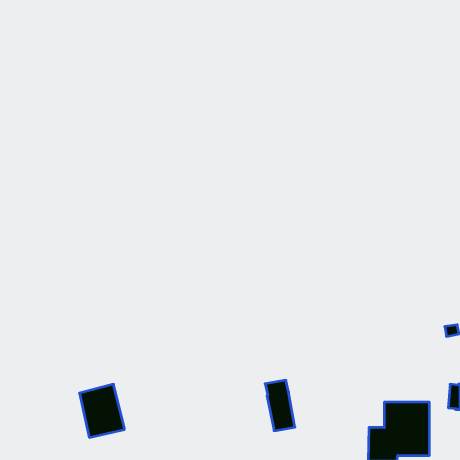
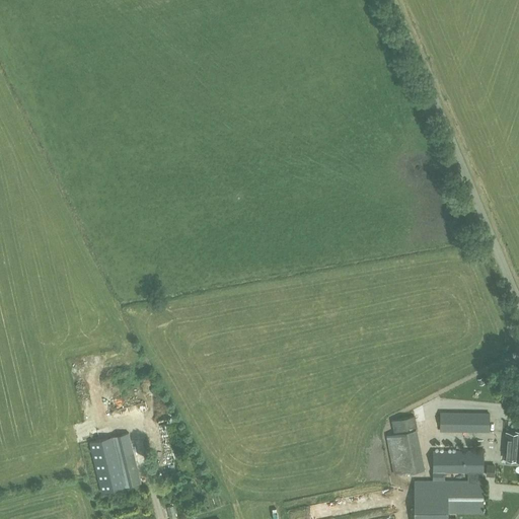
building: none -> [439,414,489,432]
building: [265,380,295,431] -> [390,418,424,474]

